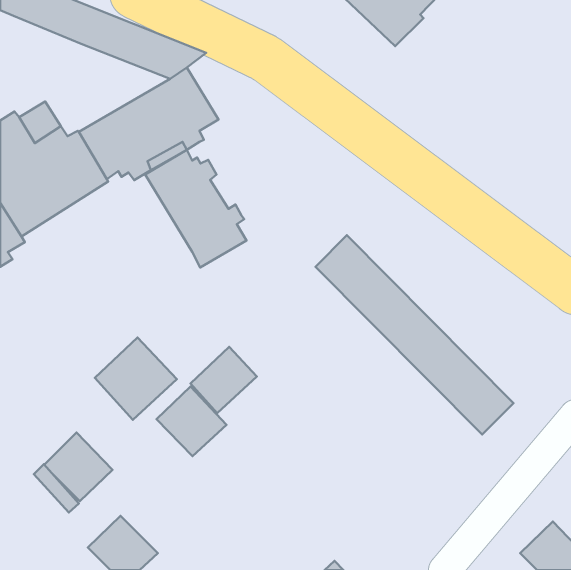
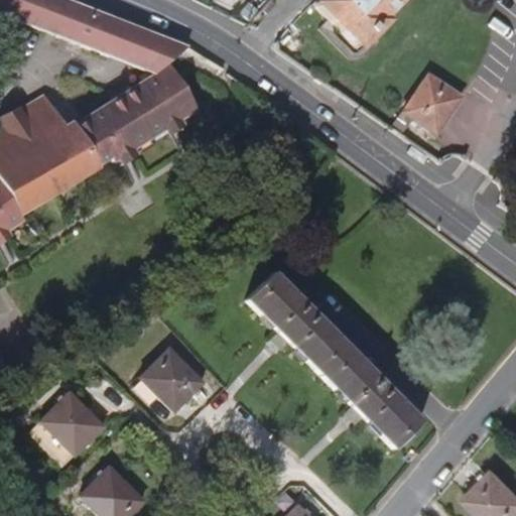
building: none -> [406,75,463,132]
building: [145,150,247,267] -> none
building: [315,235,514,435] -> [248,270,425,448]
building: [95,338,177,420] -> none
building: [190,347,257,413] -> none

